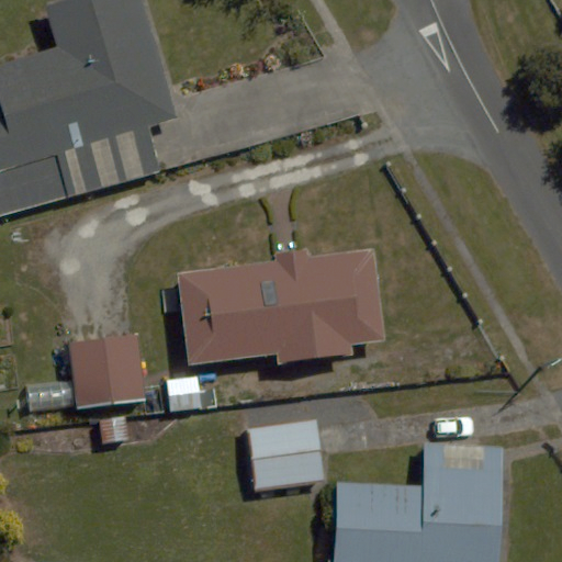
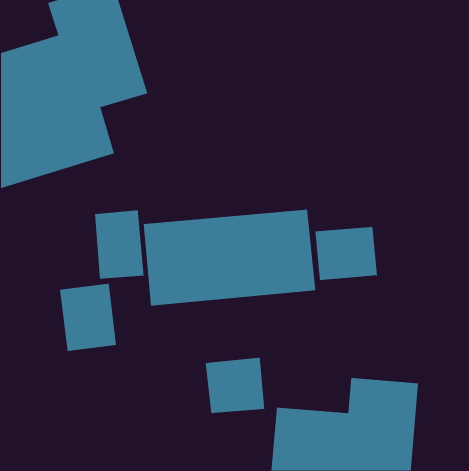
building: none -> [94,209,144,280]
building: none -> [315,226,377,281]

